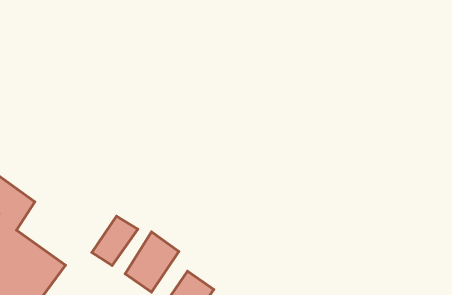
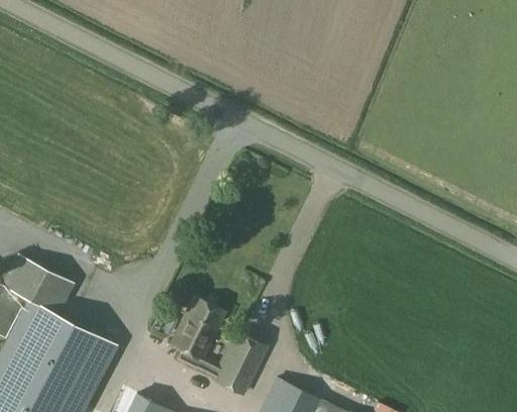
building: [92,216,138,266] -> none

